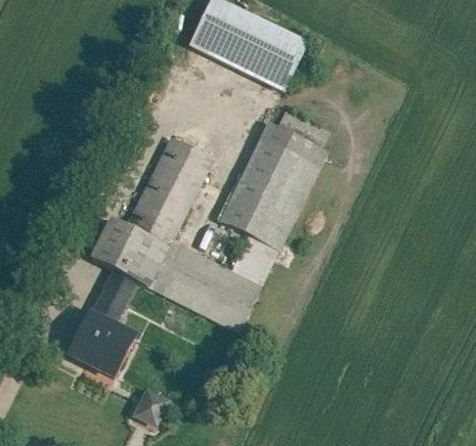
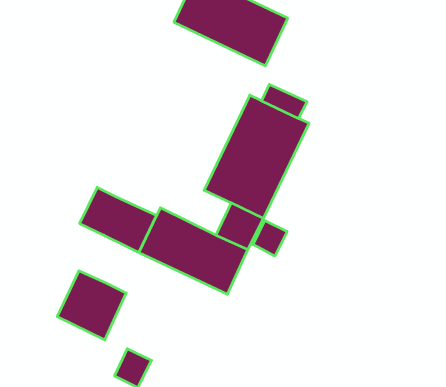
building: [127,136,213,248] -> none
building: none -> [253,221,287,256]
building: [94,268,136,319] -> none

